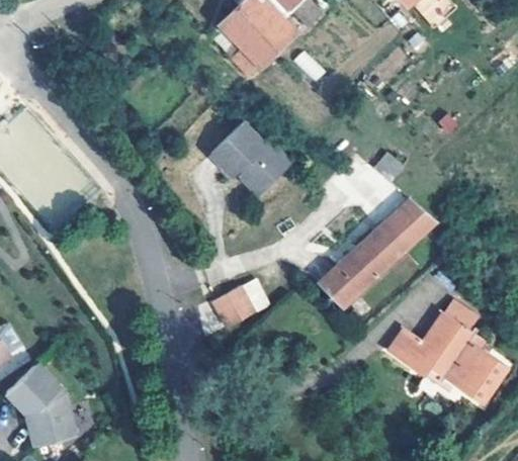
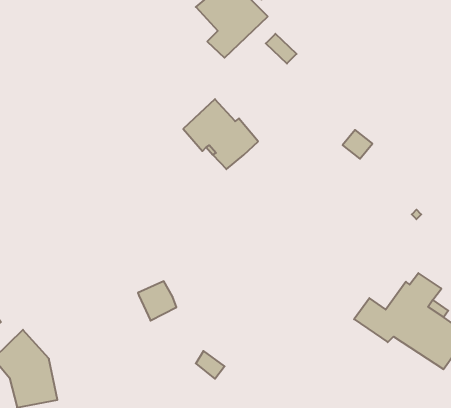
building: [322,198,437,306] -> none
building: [217,283,257,325] -> [138,281,176,321]

